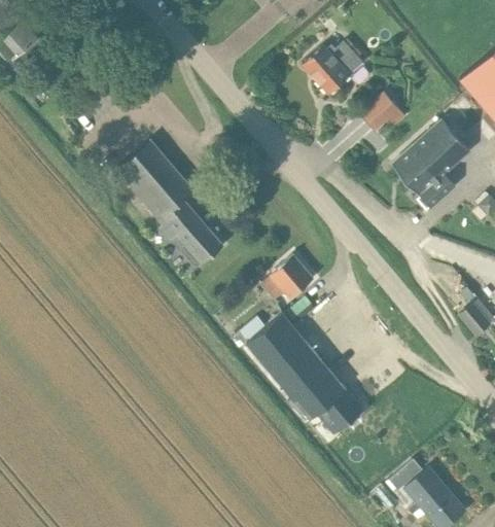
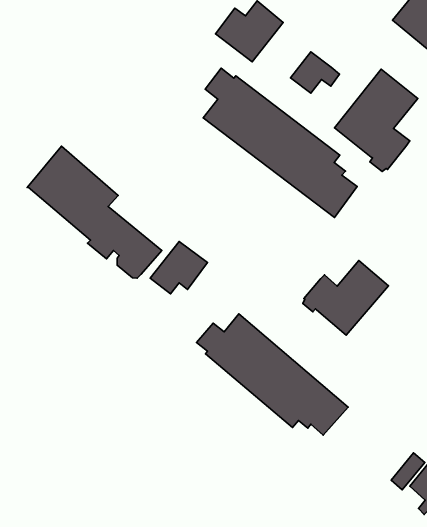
building: none -> [203,68,357,217]
building: [260,255,313,300] -> [150,242,207,294]
building: none -> [303,260,388,335]

